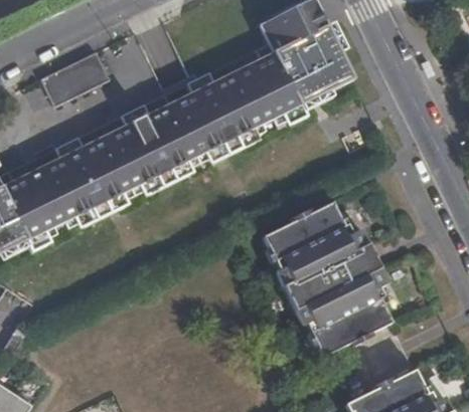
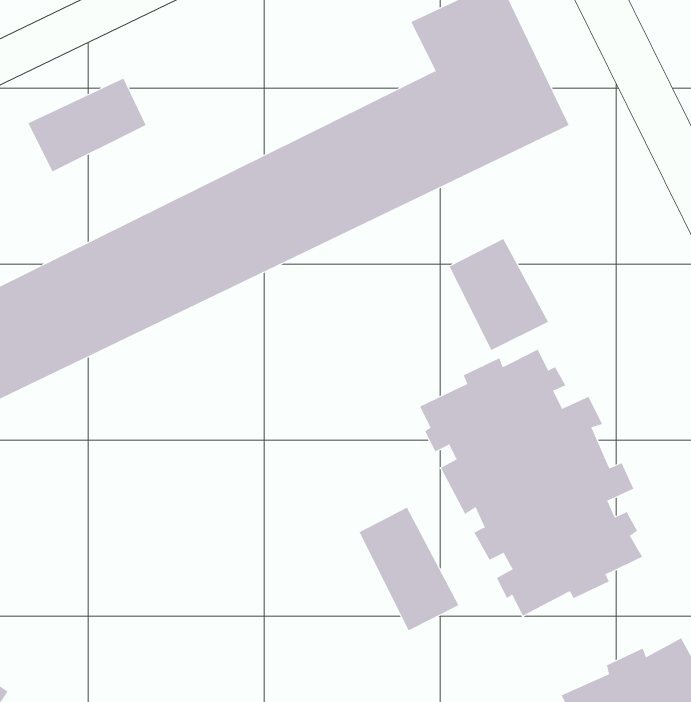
building: none -> [449,238,549,351]
building: none -> [359,507,459,631]

